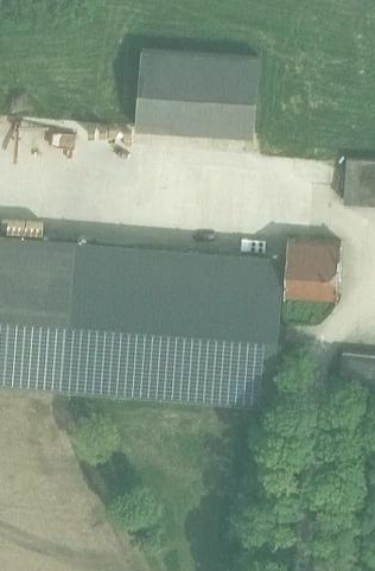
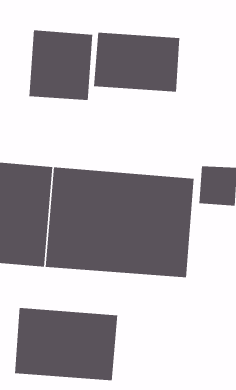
building: none -> [29,30,93,101]
building: none -> [15,307,118,381]

